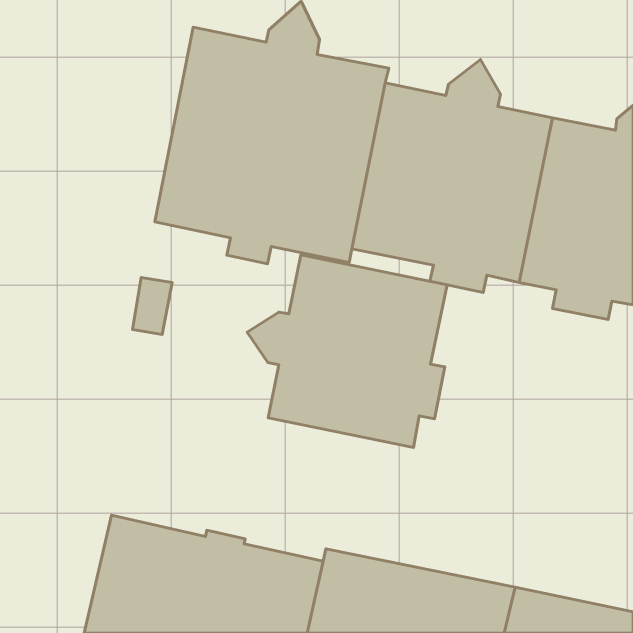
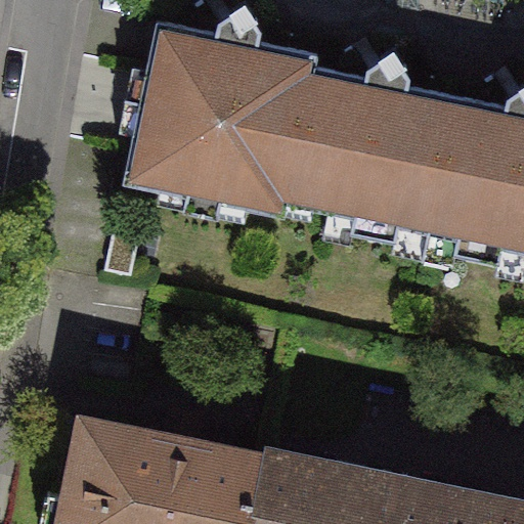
building: [247,255,447,448] -> none

